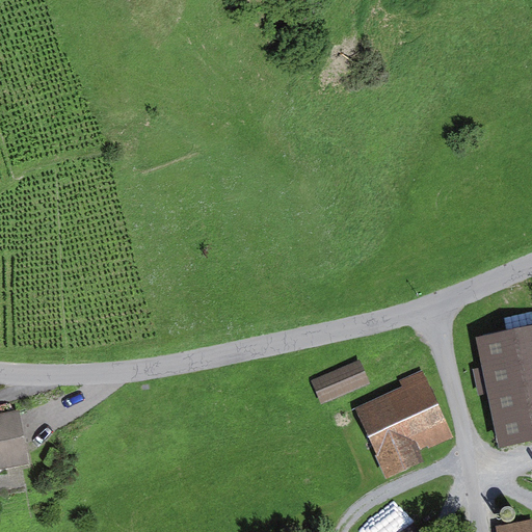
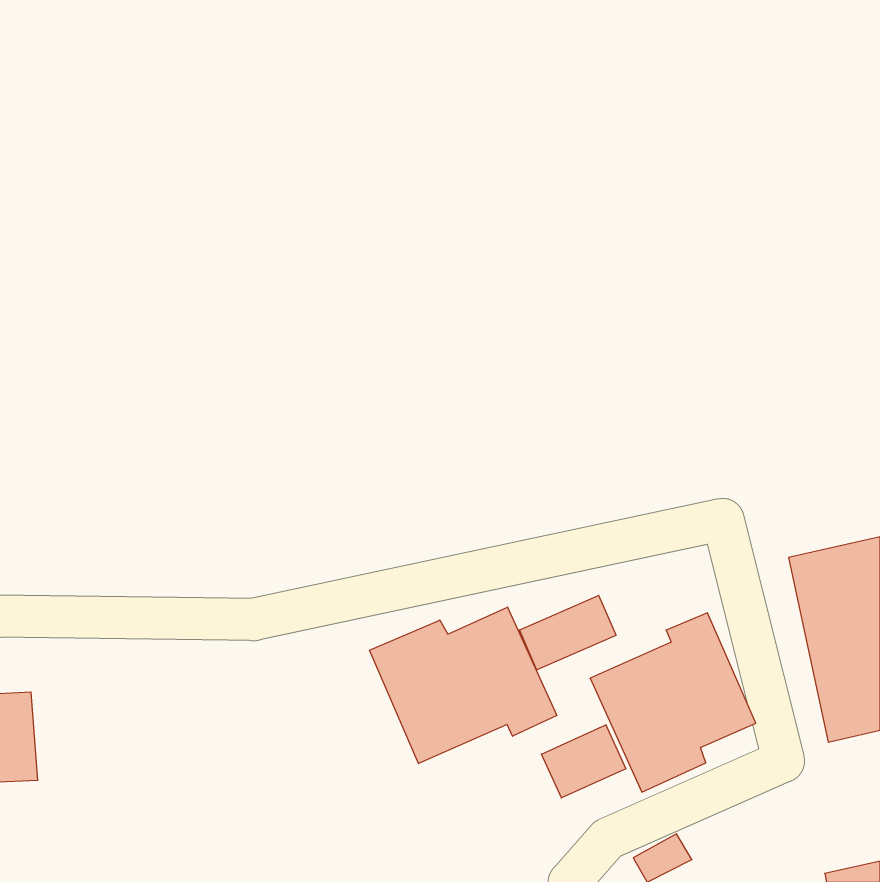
building: none -> [369,607,557,764]
building: none -> [541,725,626,798]

